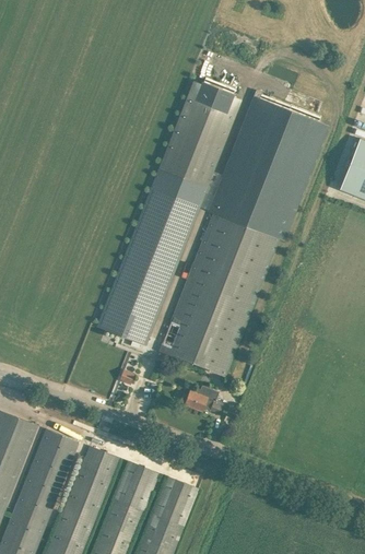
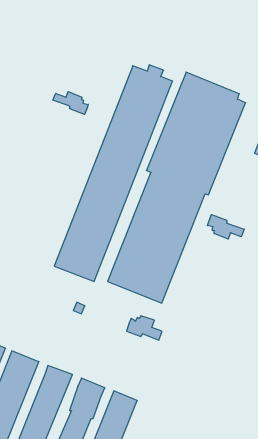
building: none -> [53,92,88,114]
building: none -> [207,215,244,239]

